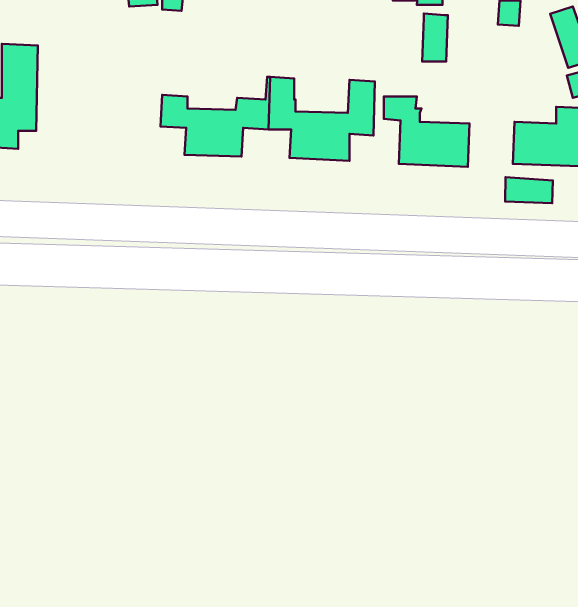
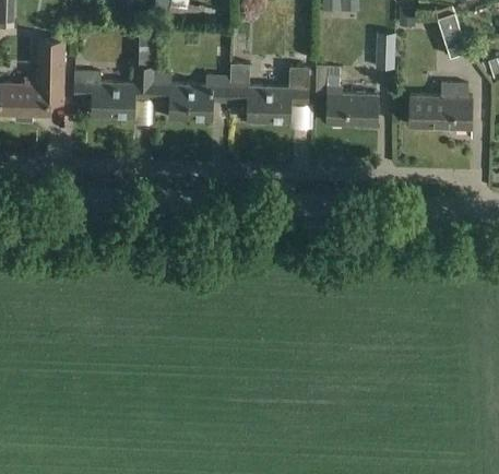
building: [422,14,448,61] -> [376,32,394,67]
building: none -> [74,26,155,118]
building: [505,177,553,203] -> none

